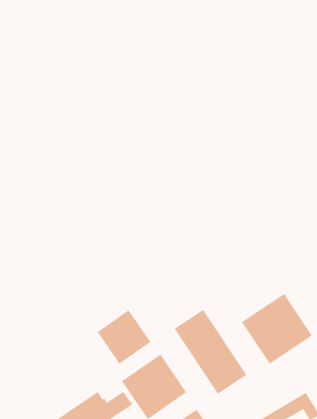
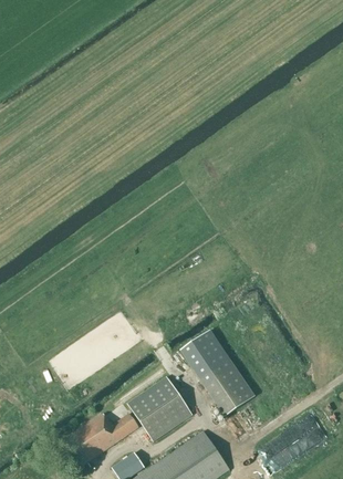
building: [241,293,312,365] -> none
building: [97,309,151,364] -> none

